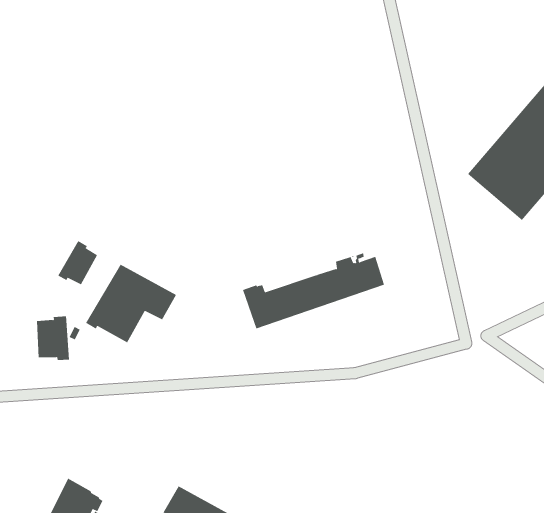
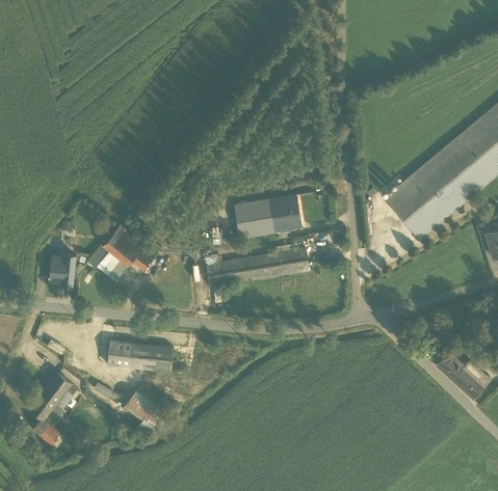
building: none -> [233,195,304,239]
building: [58,240,98,285] -> none
building: none -> [107,340,173,372]

